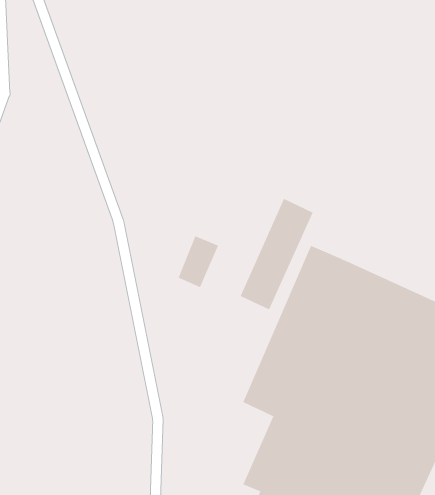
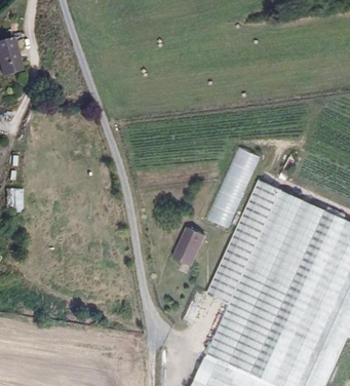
building: [178,236,219,288] -> [173,227,203,265]

